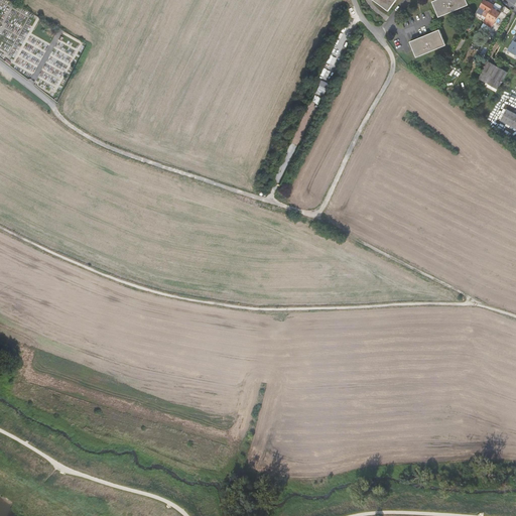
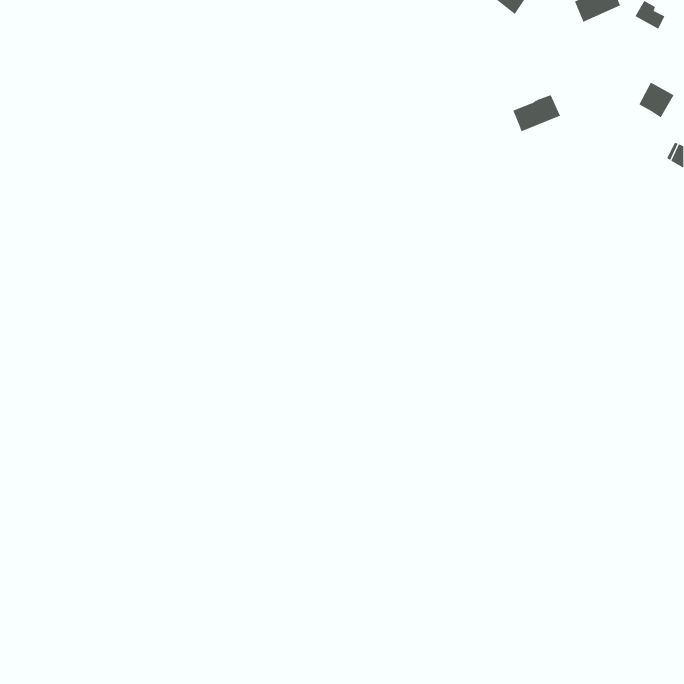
building: [409,29,445,57] -> [512,95,561,132]

